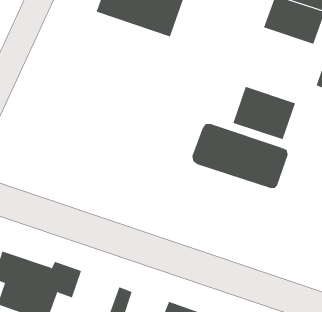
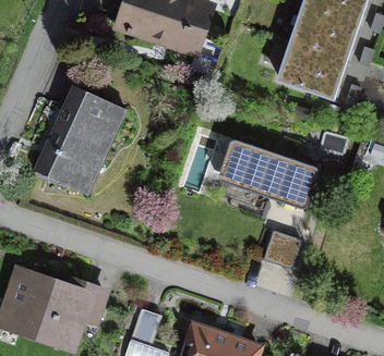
building: none -> [36,86,127,187]
building: [232,86,296,140] -> [279,41,345,97]
building: none -> [264,231,302,269]

